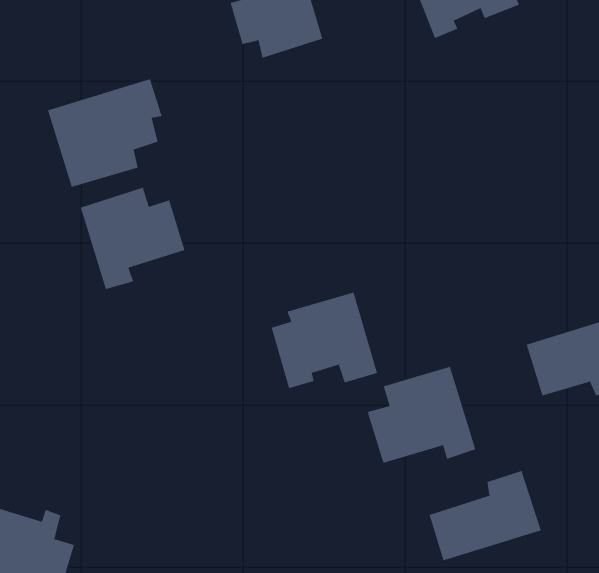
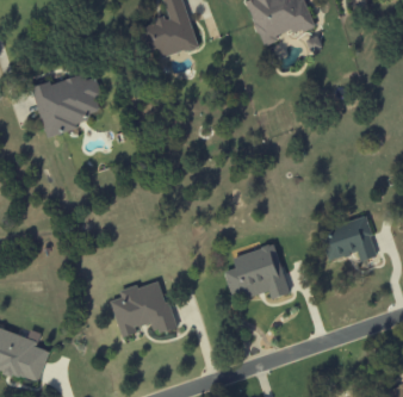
building: [80,187,185,290] -> none
building: [271,292,378,389] -> [111,279,175,337]
building: [429,470,542,561] -> none

